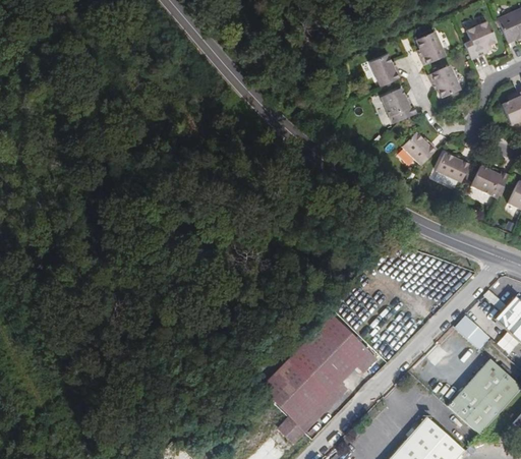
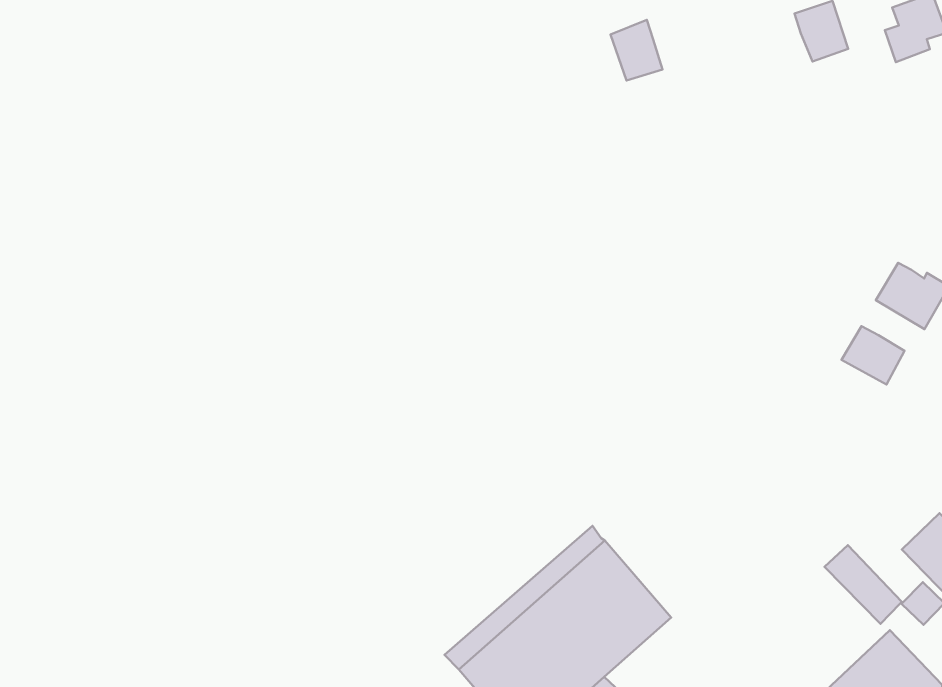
building: [369,52,398,84] -> [611,20,662,80]
building: [431,65,460,98] -> none
building: [382,88,417,123] -> none
building: [401,133,433,166] -> none
building: [436,154,468,183] -> [842,326,904,385]

